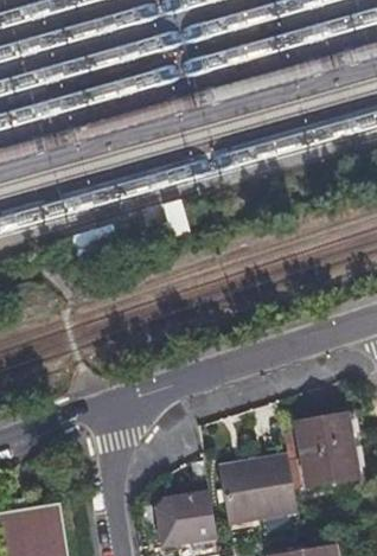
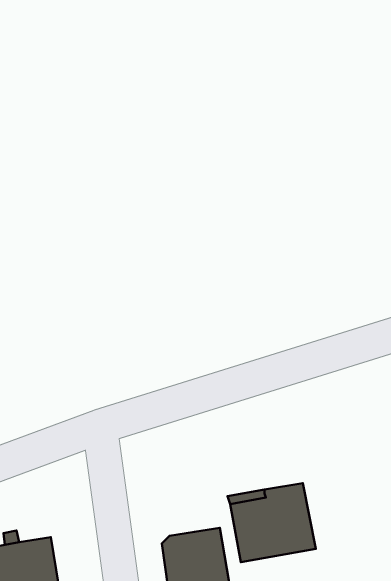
building: [294,413,354,485] -> none

